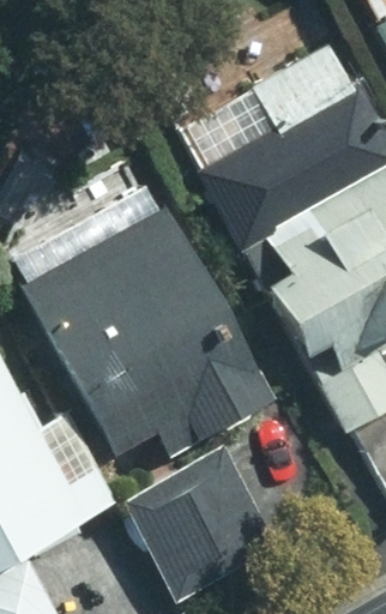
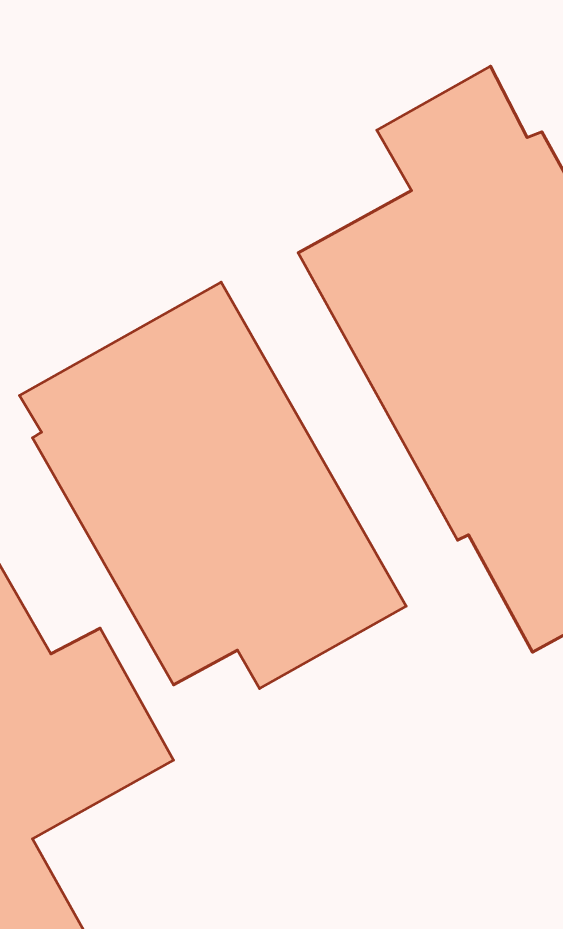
building: [129,447,277,600] -> none

